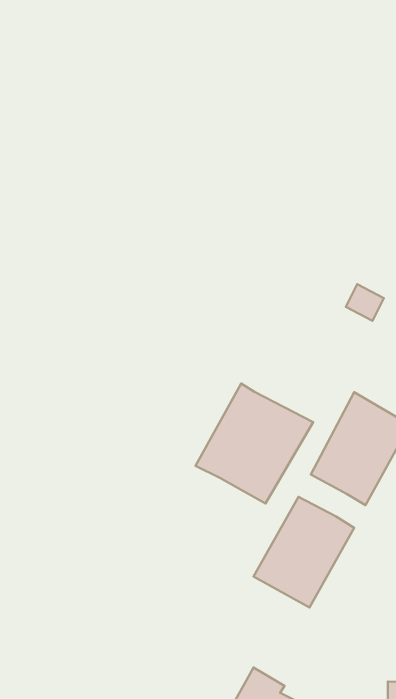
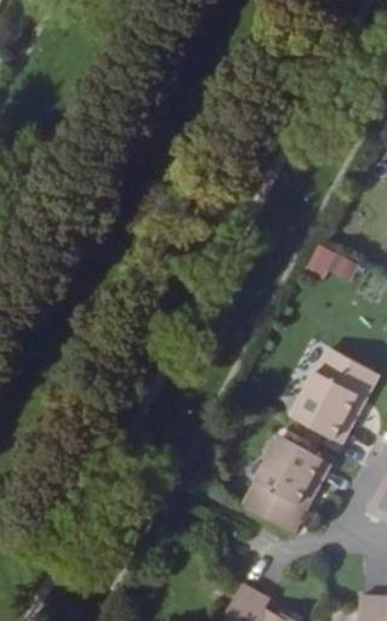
building: [196,384,313,504] -> none

